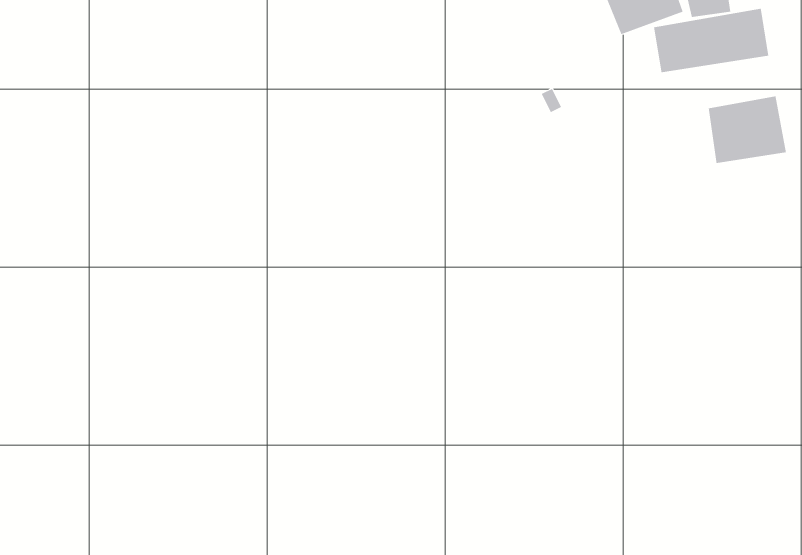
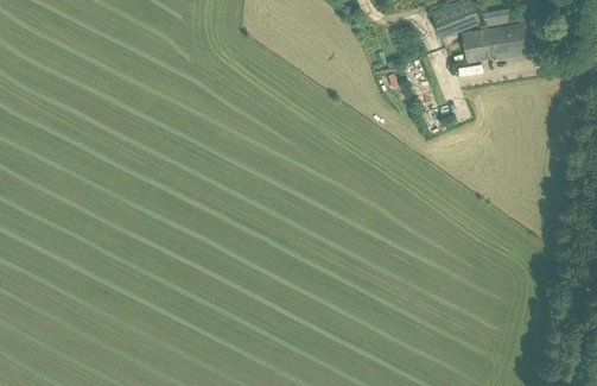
building: [708,96,786,164] -> none

